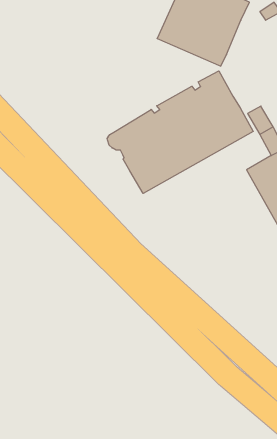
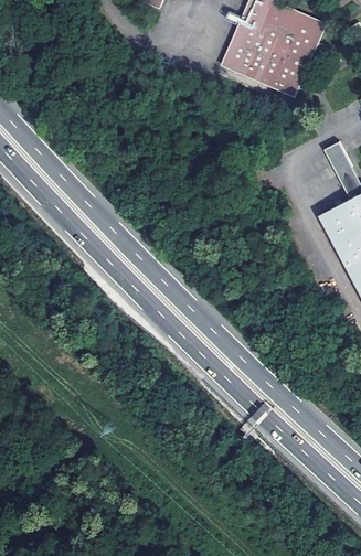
building: [107,71,253,193] -> none

